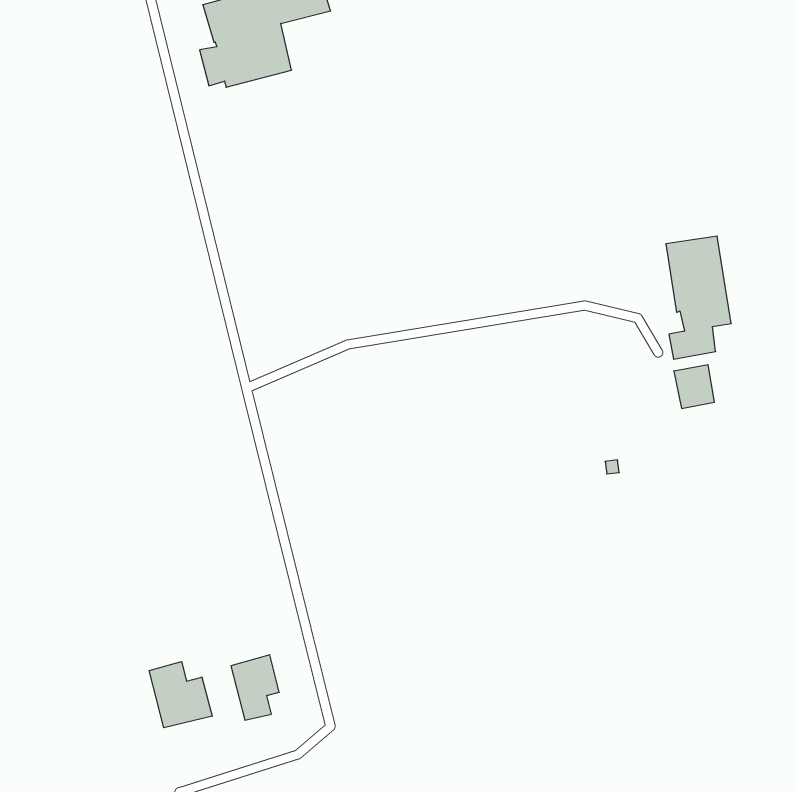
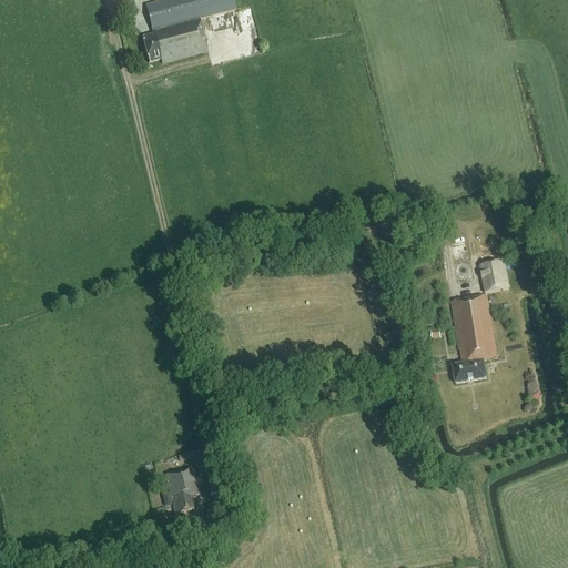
building: [666,236,731,359] -> [450,294,497,382]
building: [149,662,212,728] -> none

